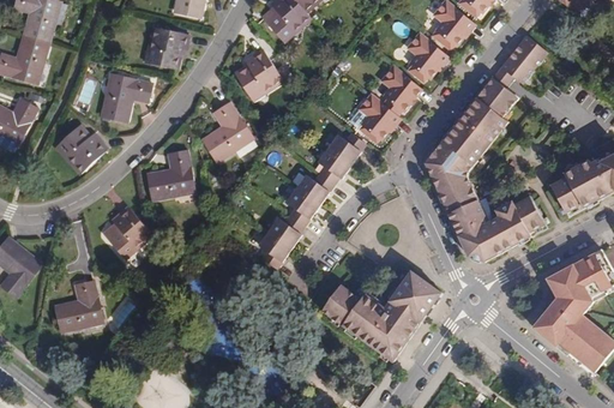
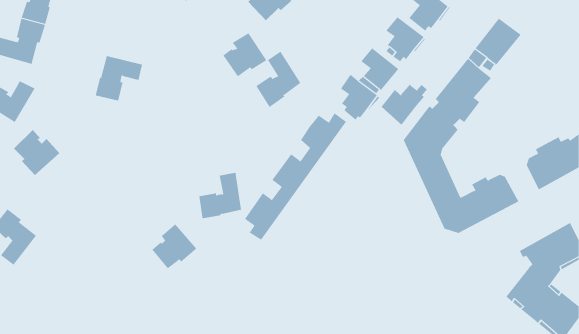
building: [149,28,188,70] -> none
building: [203,102,251,162] -> [256,51,301,108]
building: none -> [381,83,427,125]
building: [58,124,107,173] -> [13,129,60,176]
building: [148,150,193,199] -> [198,172,242,219]
building: [103,206,151,254] -> [152,224,197,269]
building: [307,271,441,361] -> none
building: [56,282,103,332] -> none

